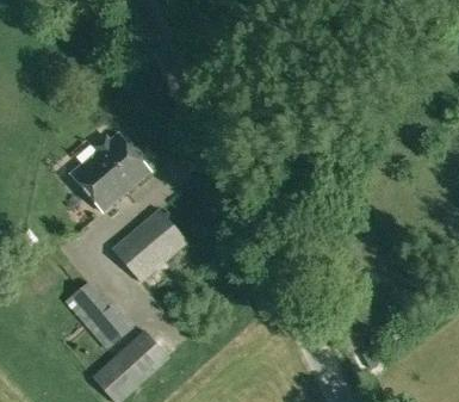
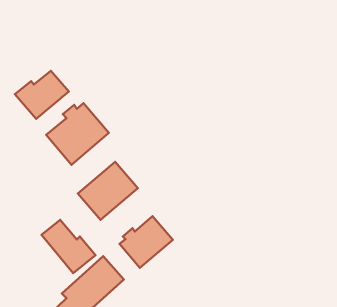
building: none -> [15,71,69,119]
building: none -> [120,216,173,268]

